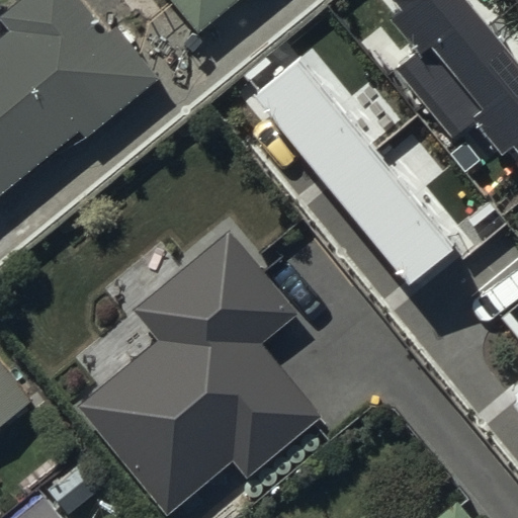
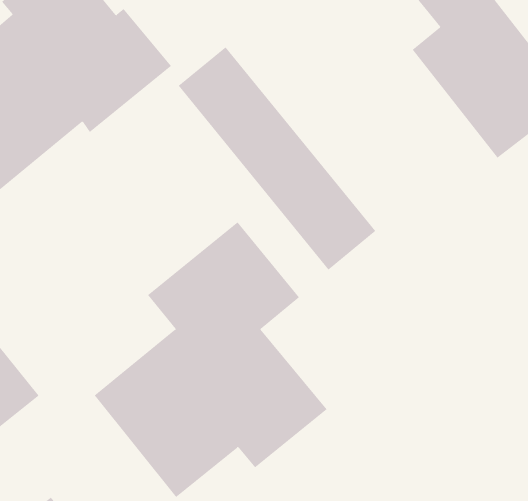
building: [248,42,436,255] -> [178,46,376,270]

